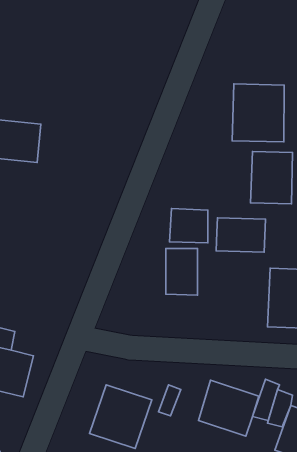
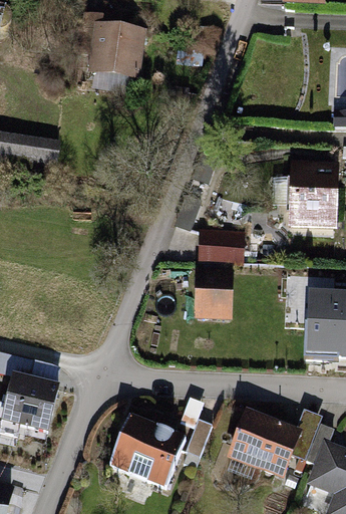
building: none -> [79,22,146,78]
building: [232,84,284,142] -> none
building: [216,218,266,252] -> none

